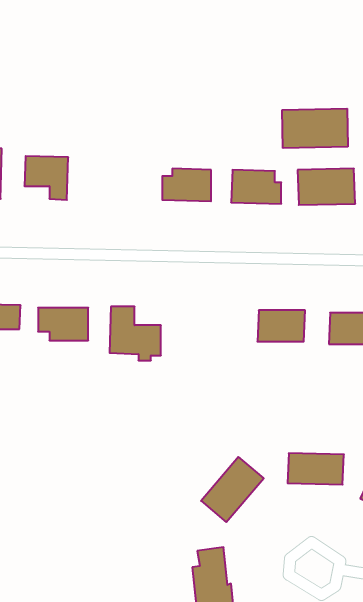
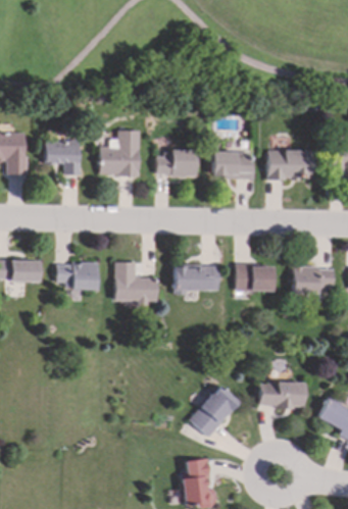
building: [282,109,348,148] -> none
building: none -> [100,131,141,175]
building: none -> [173,265,218,295]

